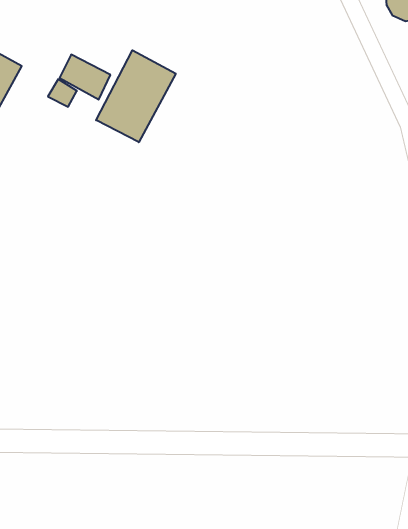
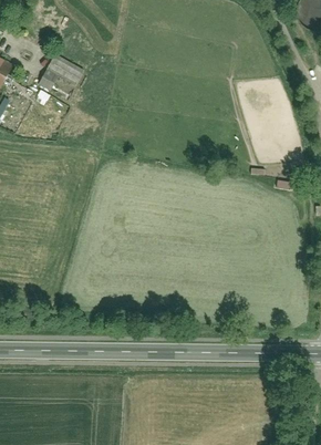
building: [96,50,176,142] -> none

